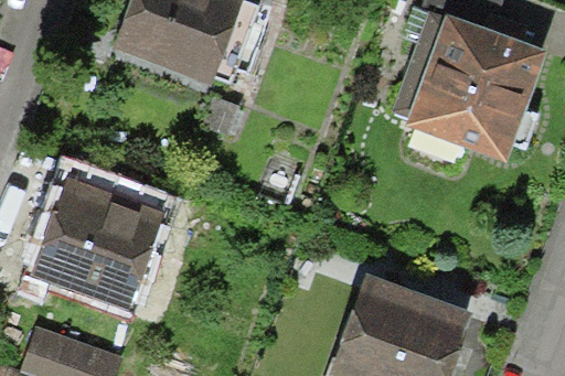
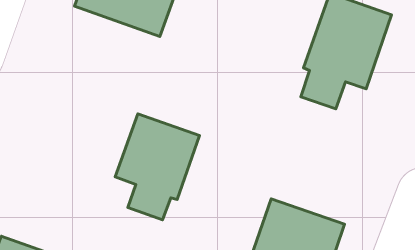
building: none -> [115,114,200,220]
building: [35,185,159,291] -> none

